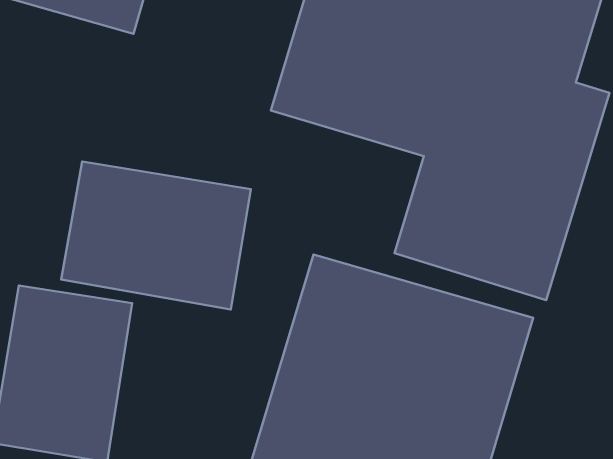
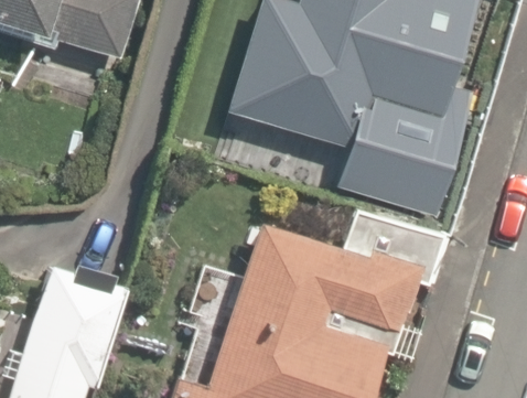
building: [61,161,251,309] -> none

